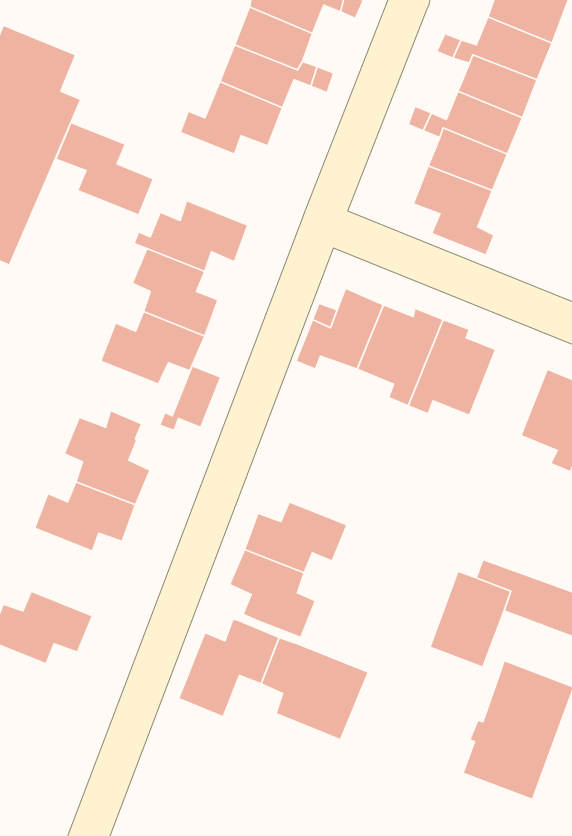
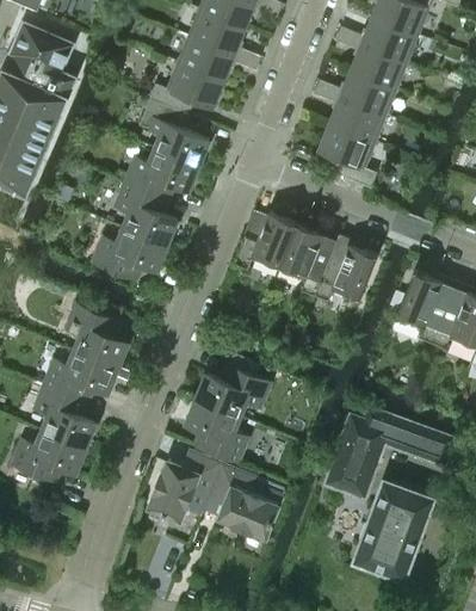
building: [56,123,154,215] -> [138,100,209,167]
building: [160,366,221,430] -> none
building: none -> [33,385,95,449]

